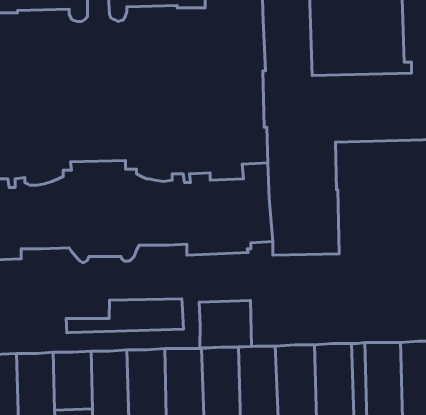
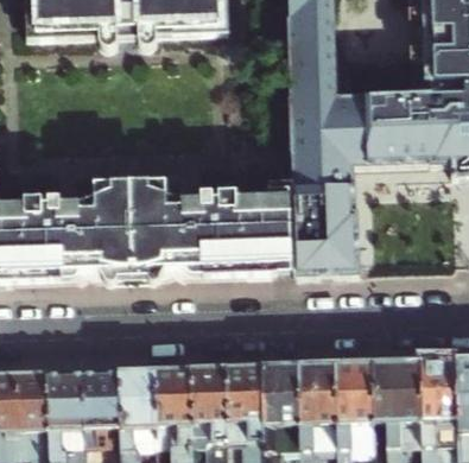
building: [66,299,183,333] -> none
building: [199,301,252,348] -> none

